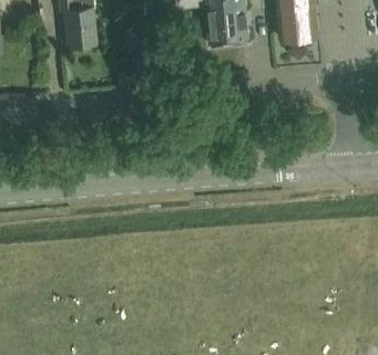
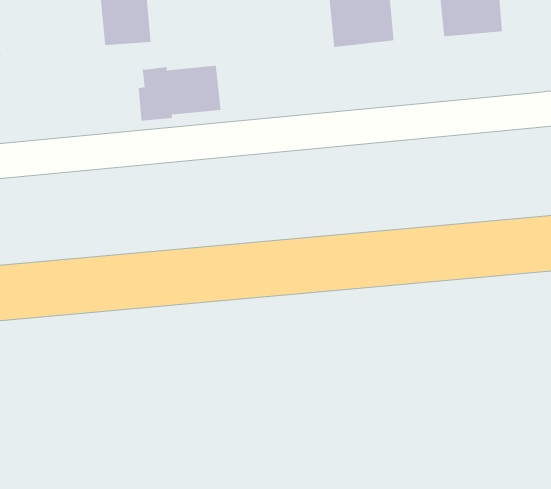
building: none -> [138,65,222,122]

